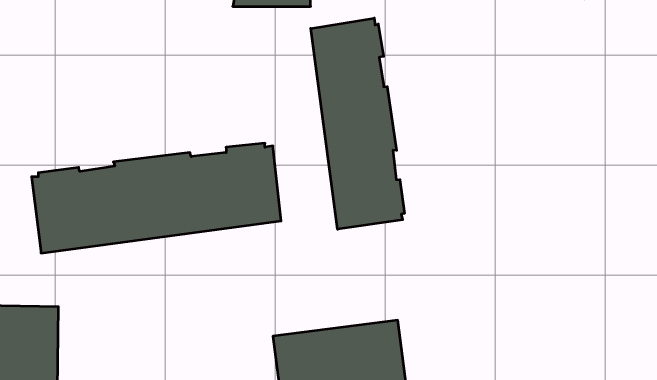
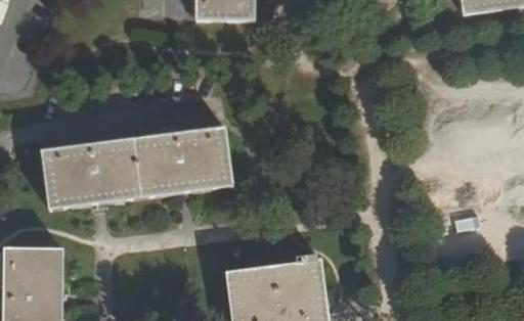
building: [311,18,404,229] -> none

